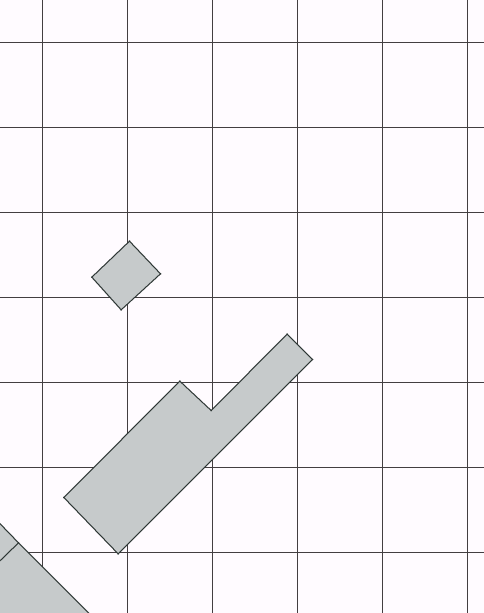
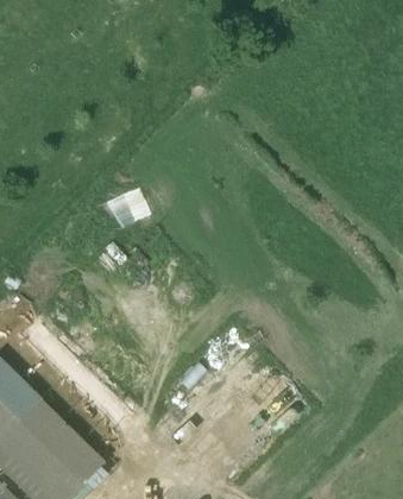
building: [64,334,312,554] -> none

